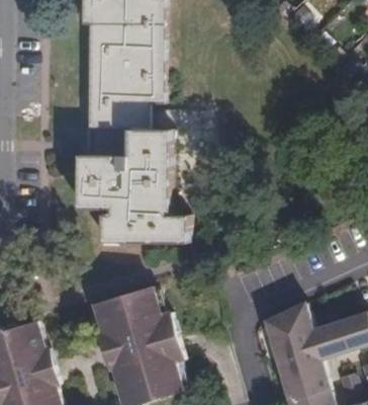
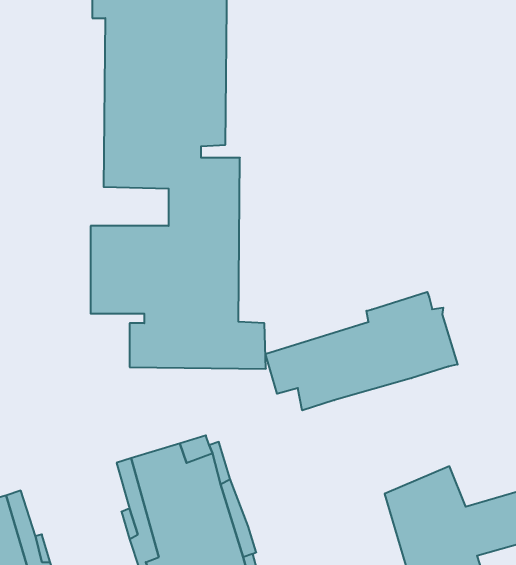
building: none -> [265,292,458,410]

